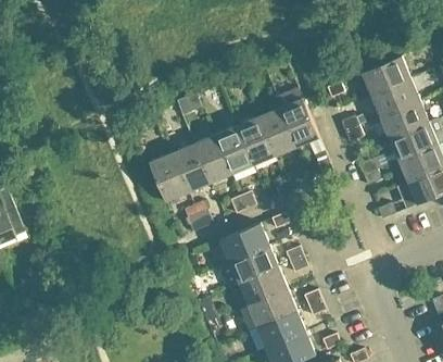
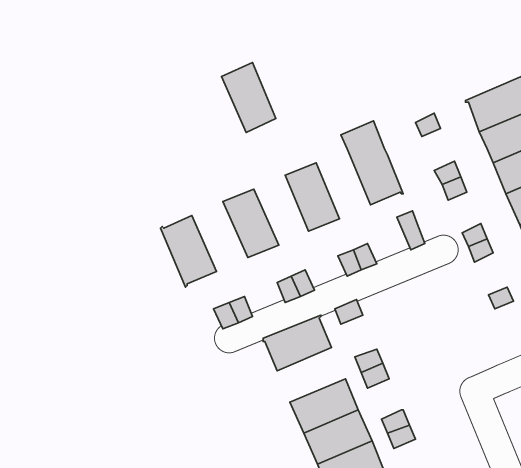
building: [257,107,295,155] -> none
building: [214,125,252,174] -> [221,63,276,133]
building: [170,143,210,192] -> none
building: [220,246,278,288] -> none

